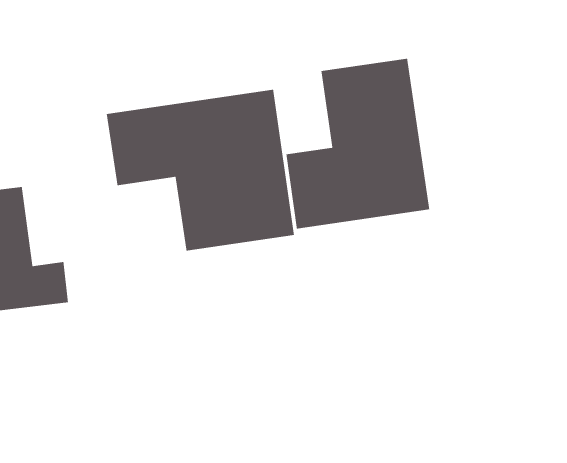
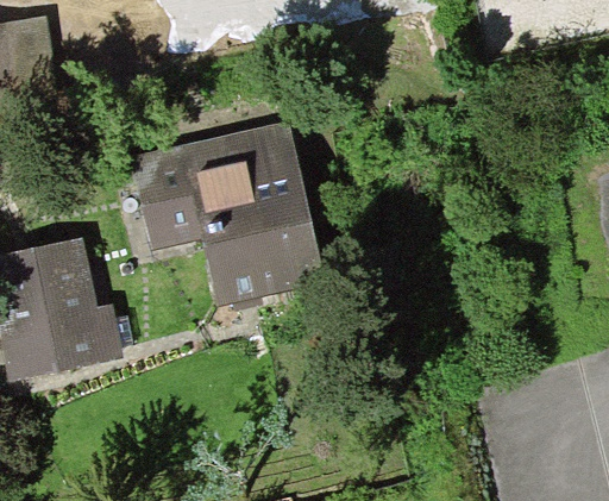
building: [285,58,430,229] -> none

